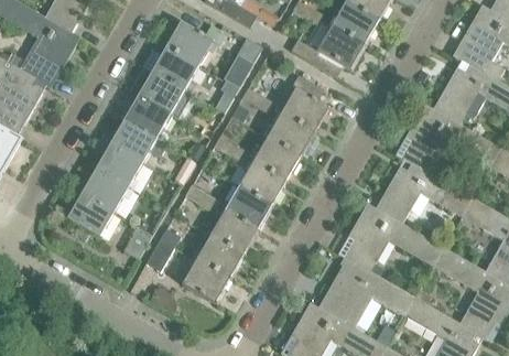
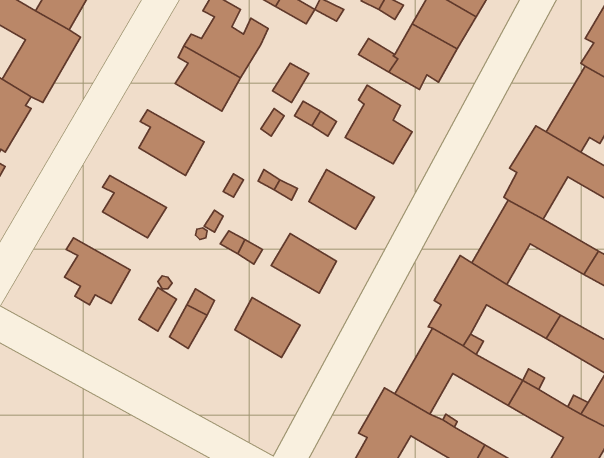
building: [130,72,186,116] -> none
building: [266,112,316,158] -> none
building: [101,120,166,165] -> none
building: [238,161,288,206] -> none
building: [74,169,130,213] -> none
building: [209,209,260,255] -> none
building: [181,258,231,304] -> none

